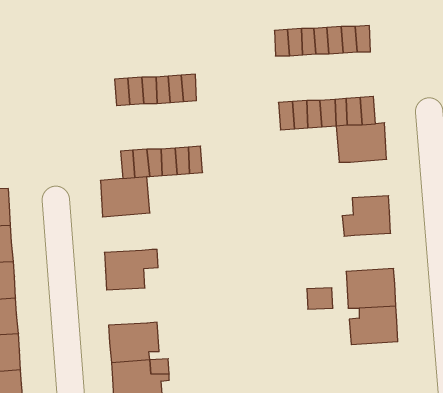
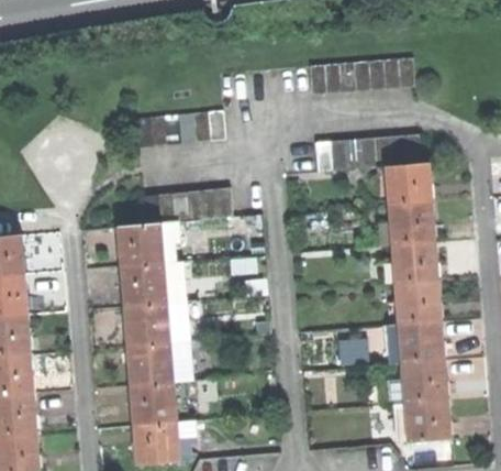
building: none -> [381,204,434,247]
building: none -> [123,262,181,305]
building: none -> [387,284,439,326]
building: none -> [127,342,182,384]
building: none -> [393,402,446,442]

